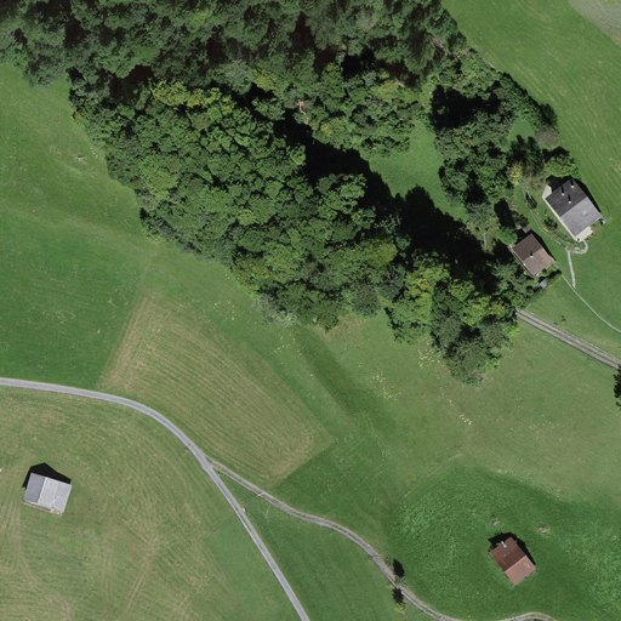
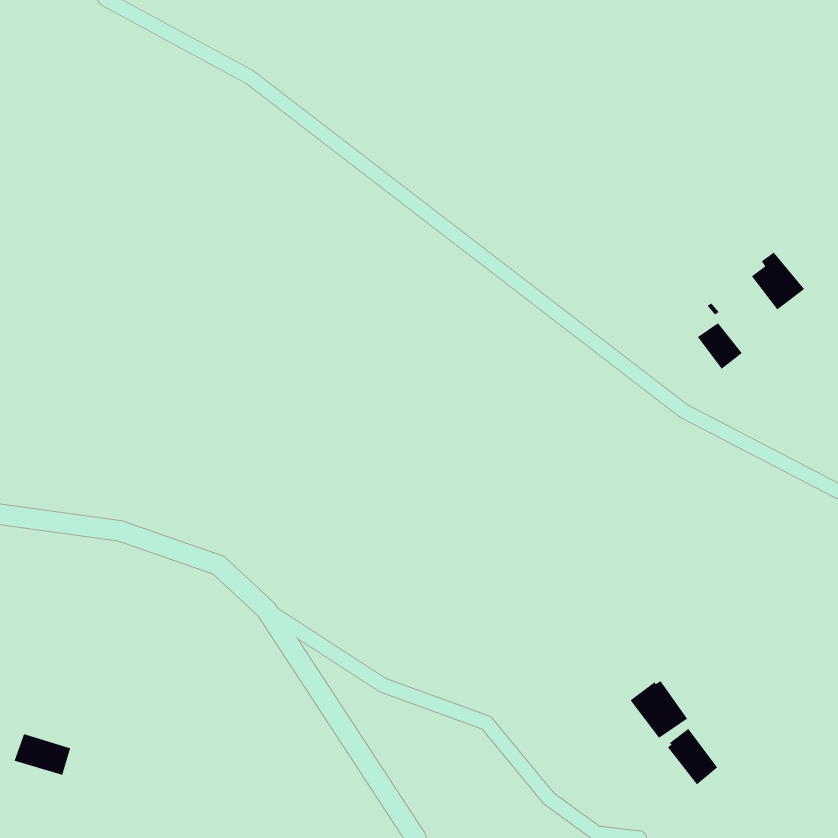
building: [25,475,68,507] -> [14,733,71,776]
building: none -> [630,680,688,739]

